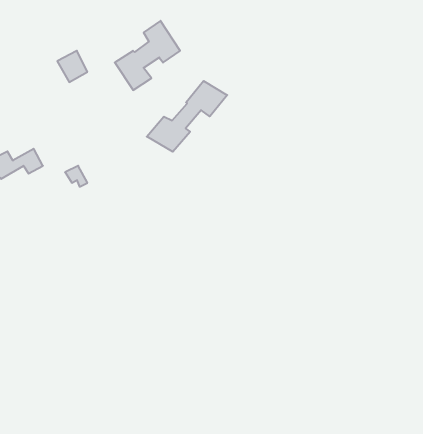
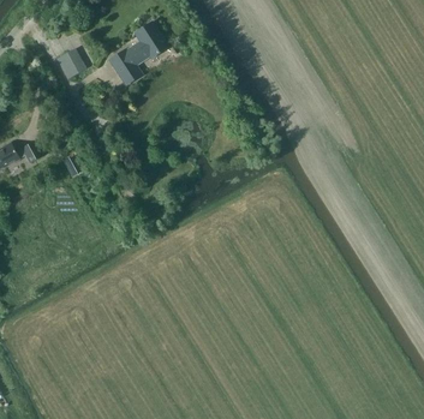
building: [147,81,227,152] -> none

